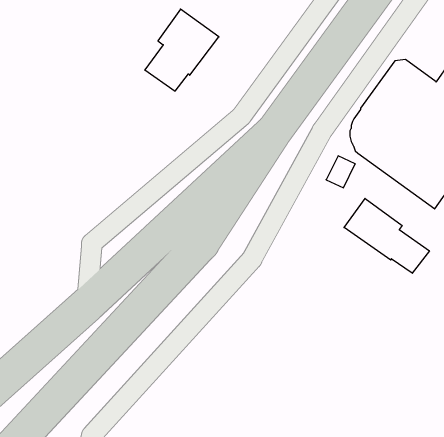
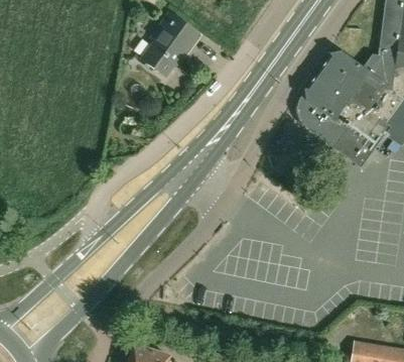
building: [344,198,429,273] -> none

